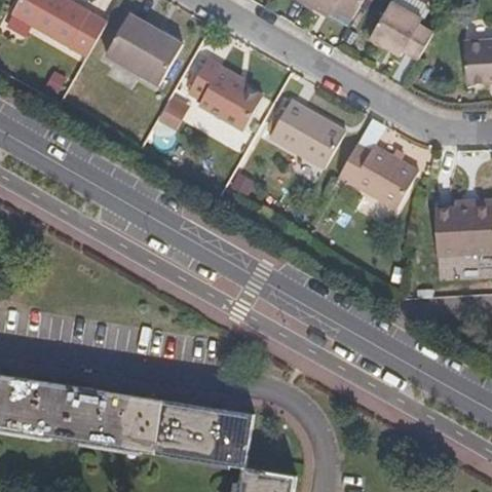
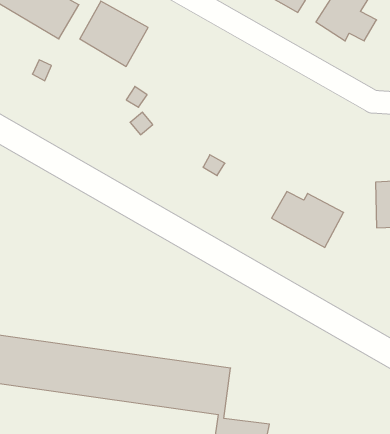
building: [186,59,261,131] -> none
building: [269,101,347,169] -> none
building: [337,147,415,207] -> [272,192,344,247]

